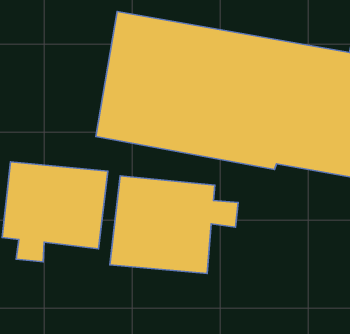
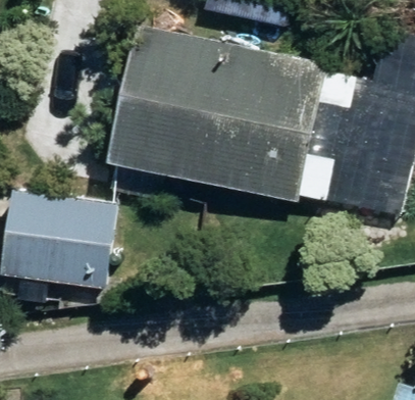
building: [110,176,238,274] -> none

